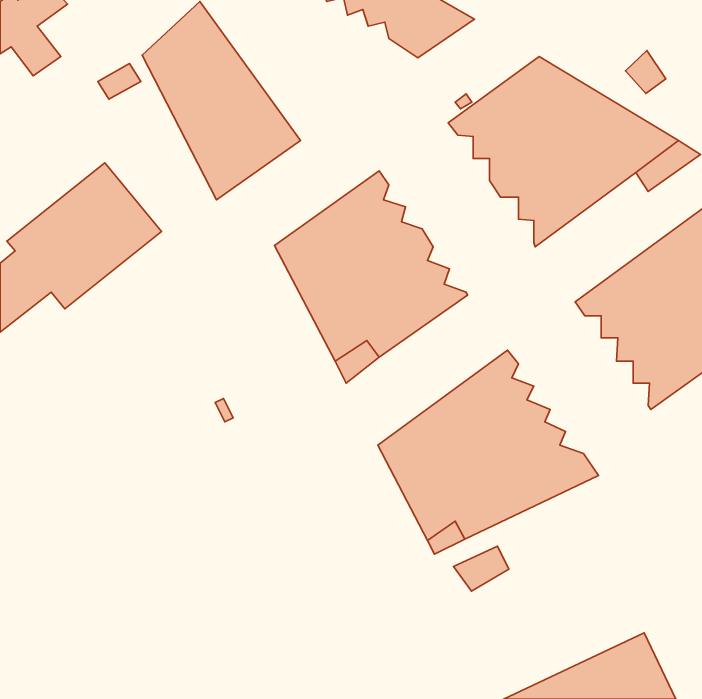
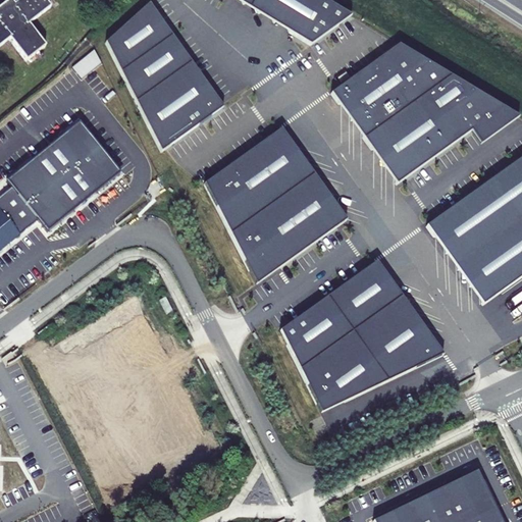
building: [625,51,666,94] -> none
building: [453,546,509,591] -> none

